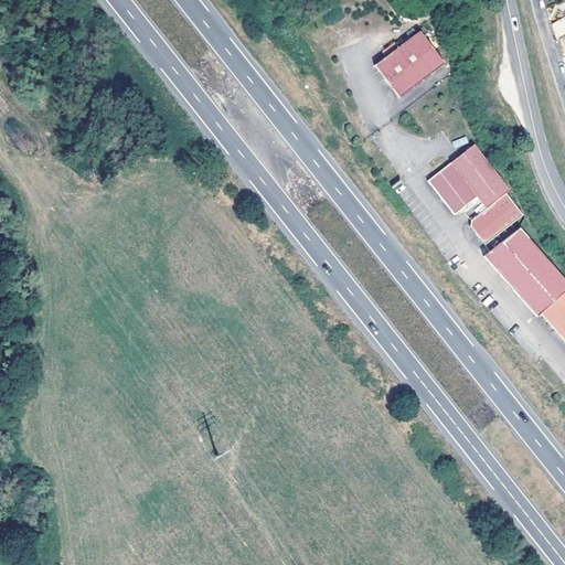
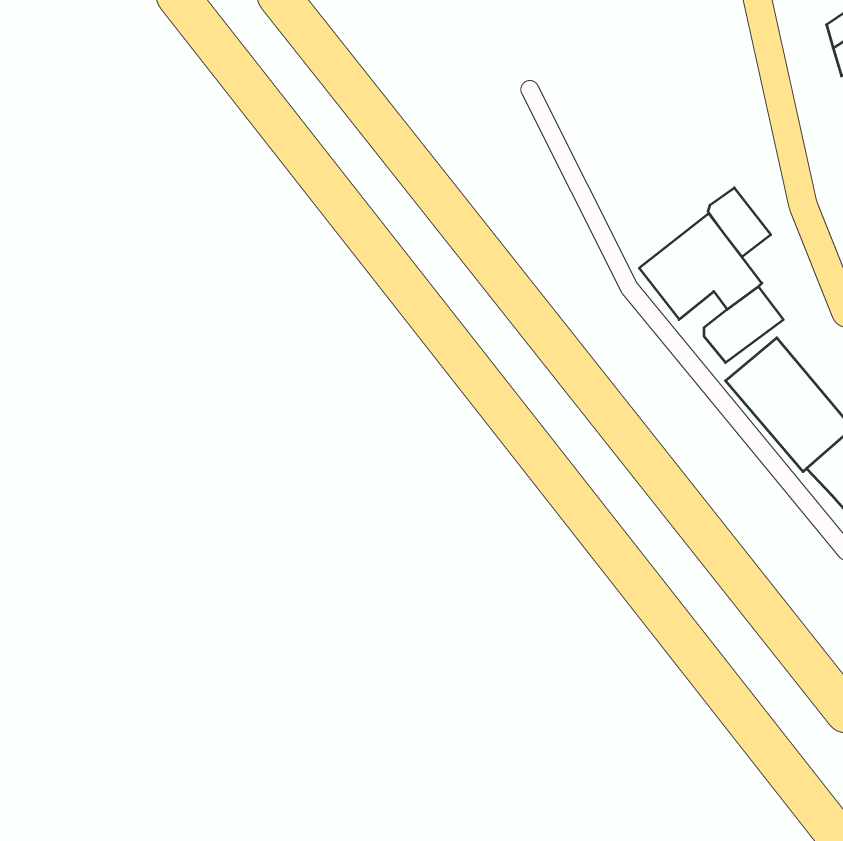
building: [375,33,445,98] -> none
building: none -> [708,188,771,257]

